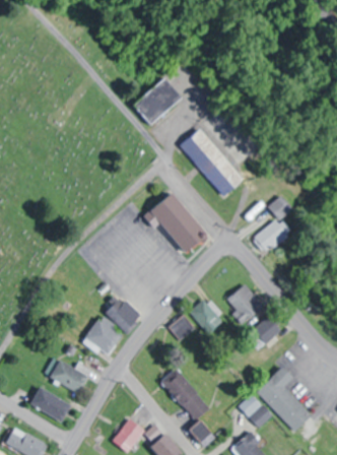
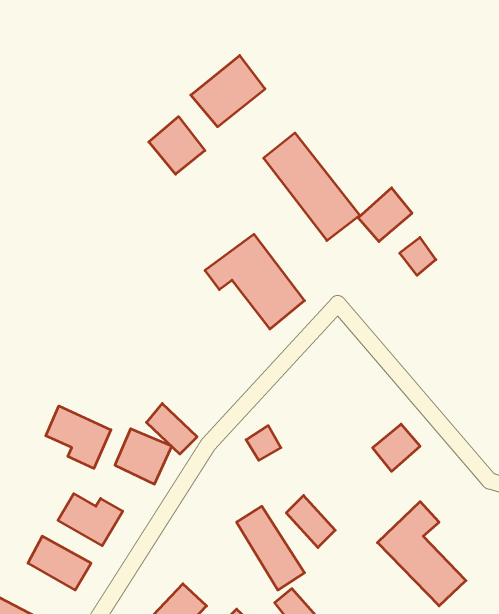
building: none -> [149,117,205,174]
building: [254,218,288,253] -> [358,188,412,242]
building: [223,283,264,325] -> none
building: [191,301,217,331] -> none
building: none -> [46,406,111,468]
building: [238,394,269,428] -> [286,495,335,548]

